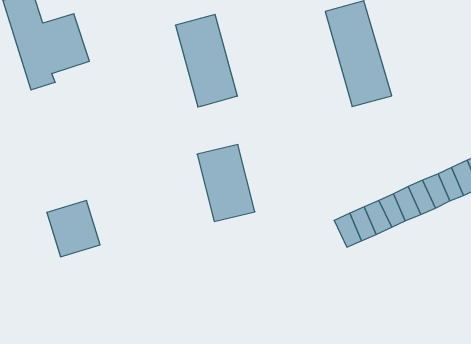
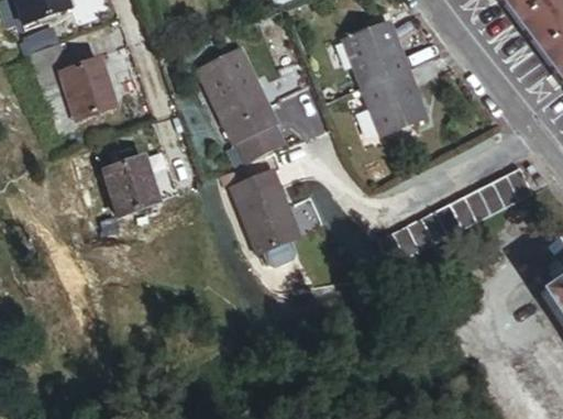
building: none -> [234,124,280,167]
building: [47,201,100,257] -> [103,153,161,212]

